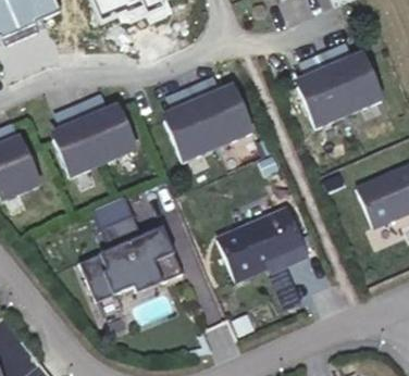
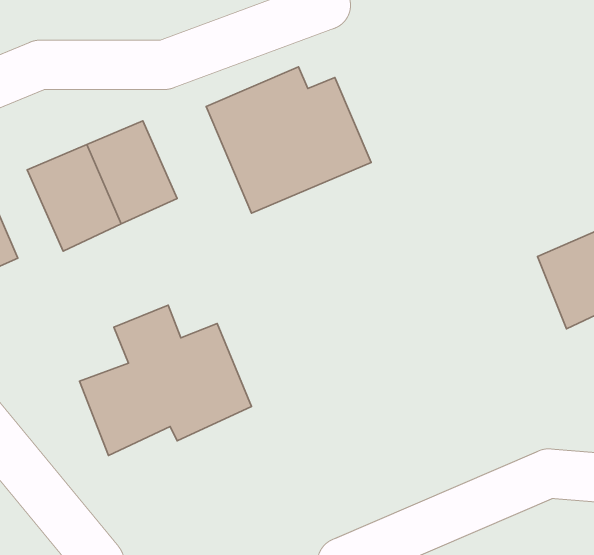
building: [289,39,385,125] -> none
building: [218,205,311,286] -> none

